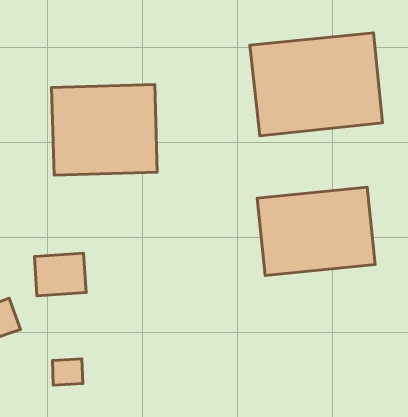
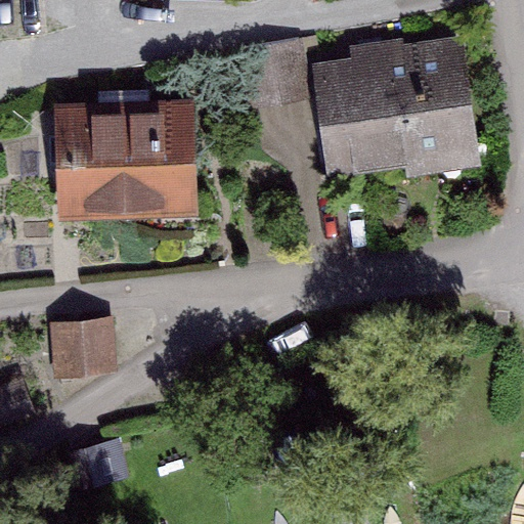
building: [257,187,375,275] -> none

